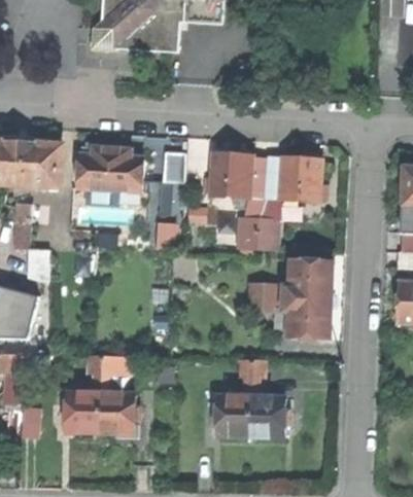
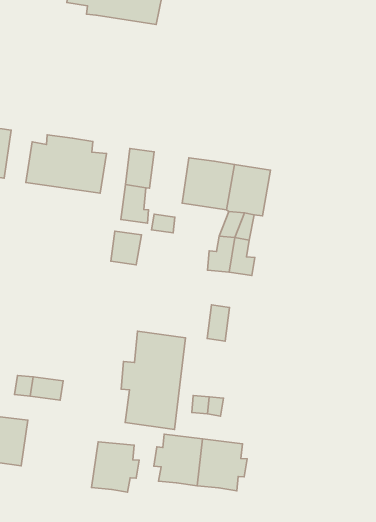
building: [281,152,322,201] -> none
building: [279,255,330,335] -> [121,331,185,429]
building: [97,390,135,430] -> [91,442,139,492]

